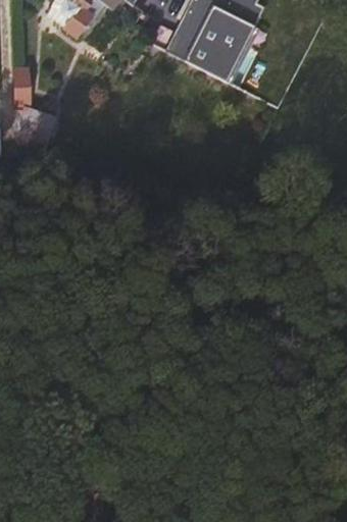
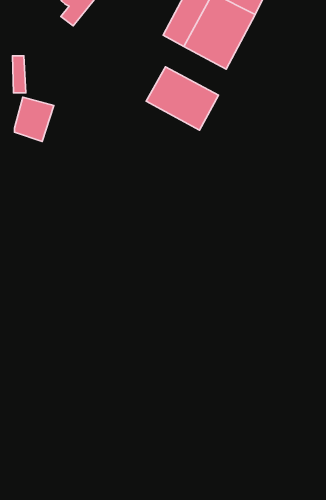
building: none -> [146,67,218,130]

